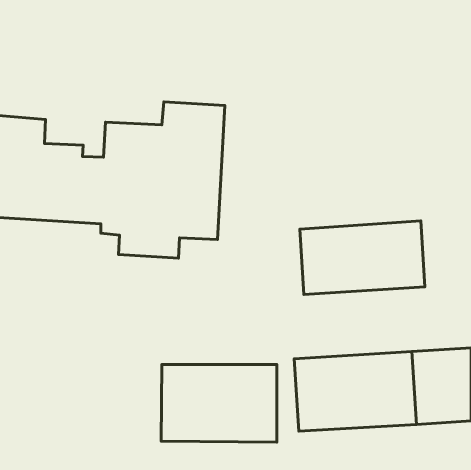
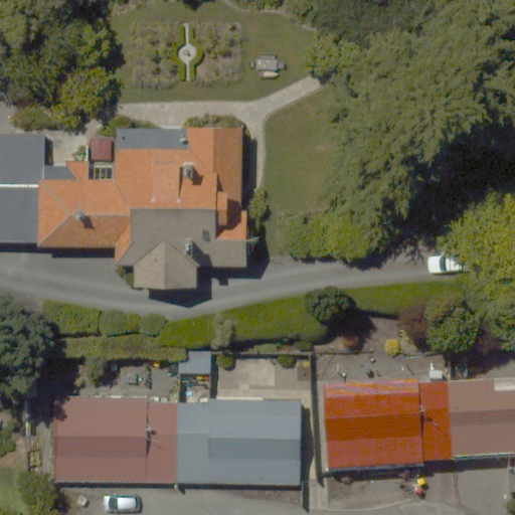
building: [300,221,425,295] -> none
building: none -> [53,398,176,483]

